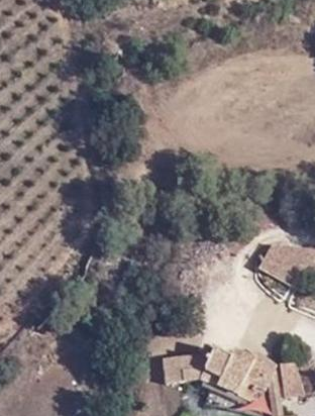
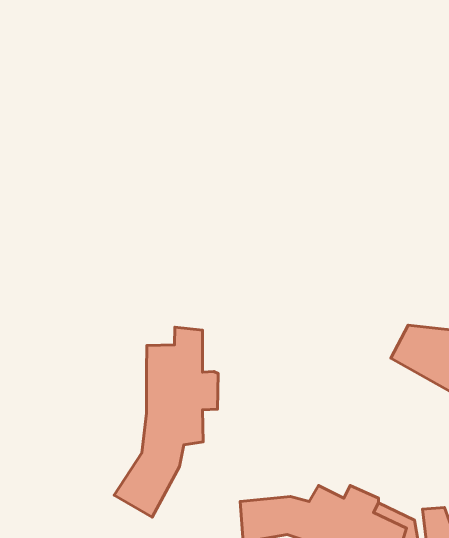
building: none -> [114,327,218,517]

